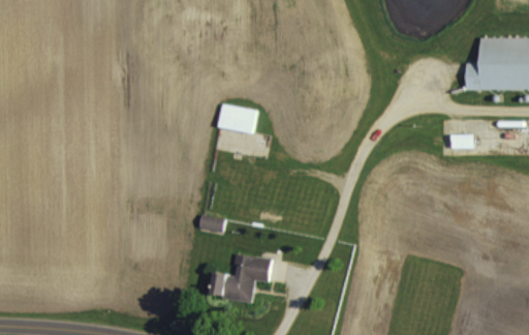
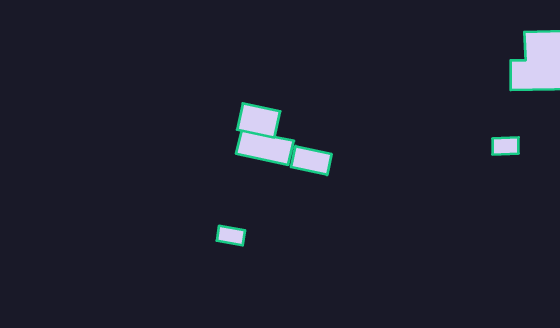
building: none -> [291,146,331,175]
building: [209,253,271,302] -> none

